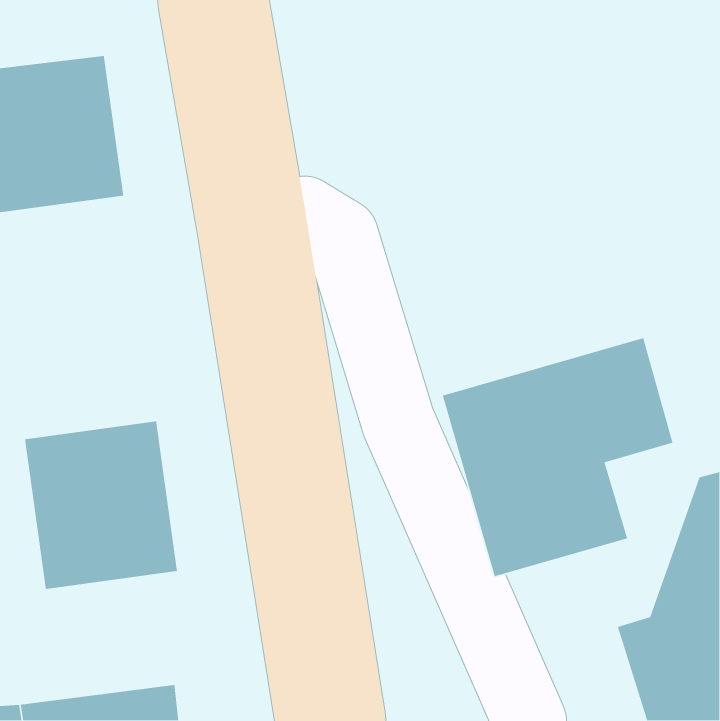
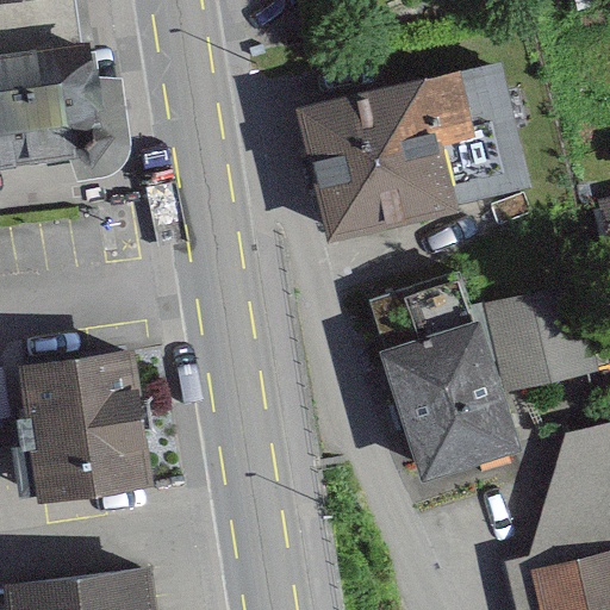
building: none -> [305,70,541,241]

